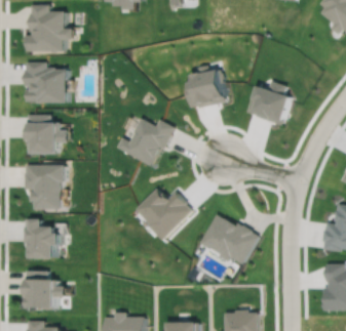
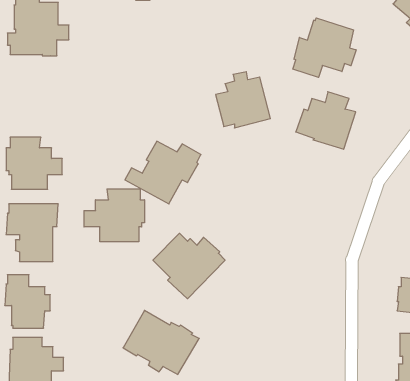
building: none -> [293,18,356,77]
building: [23,63,65,104] -> none
building: none -> [84,189,144,242]
building: [199,215,258,264] -> [123,310,199,374]

